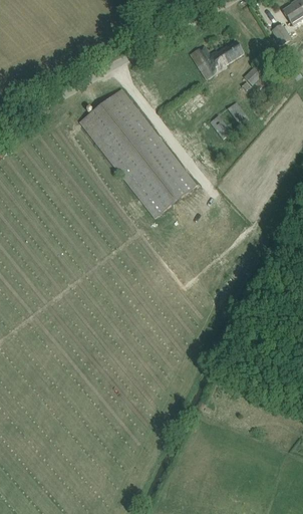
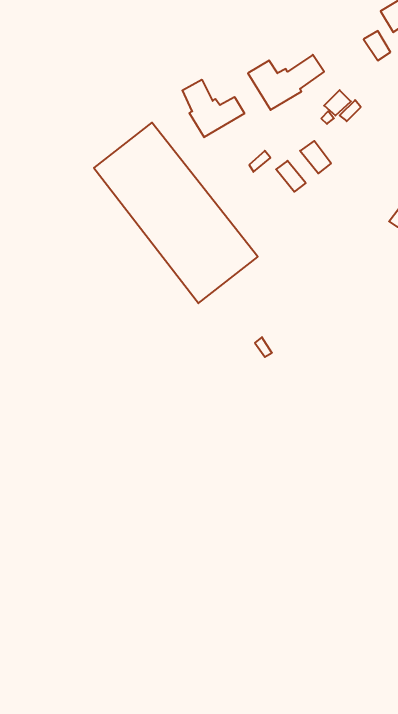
building: none -> [182,80,244,137]

